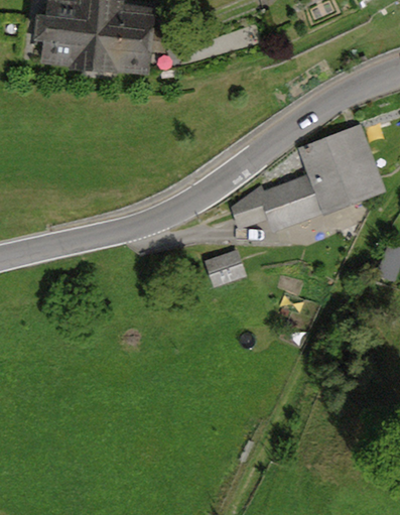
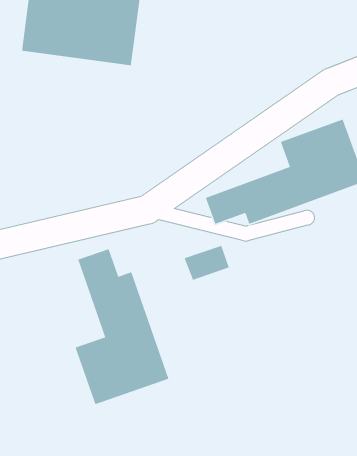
building: none -> [75,248,169,405]

